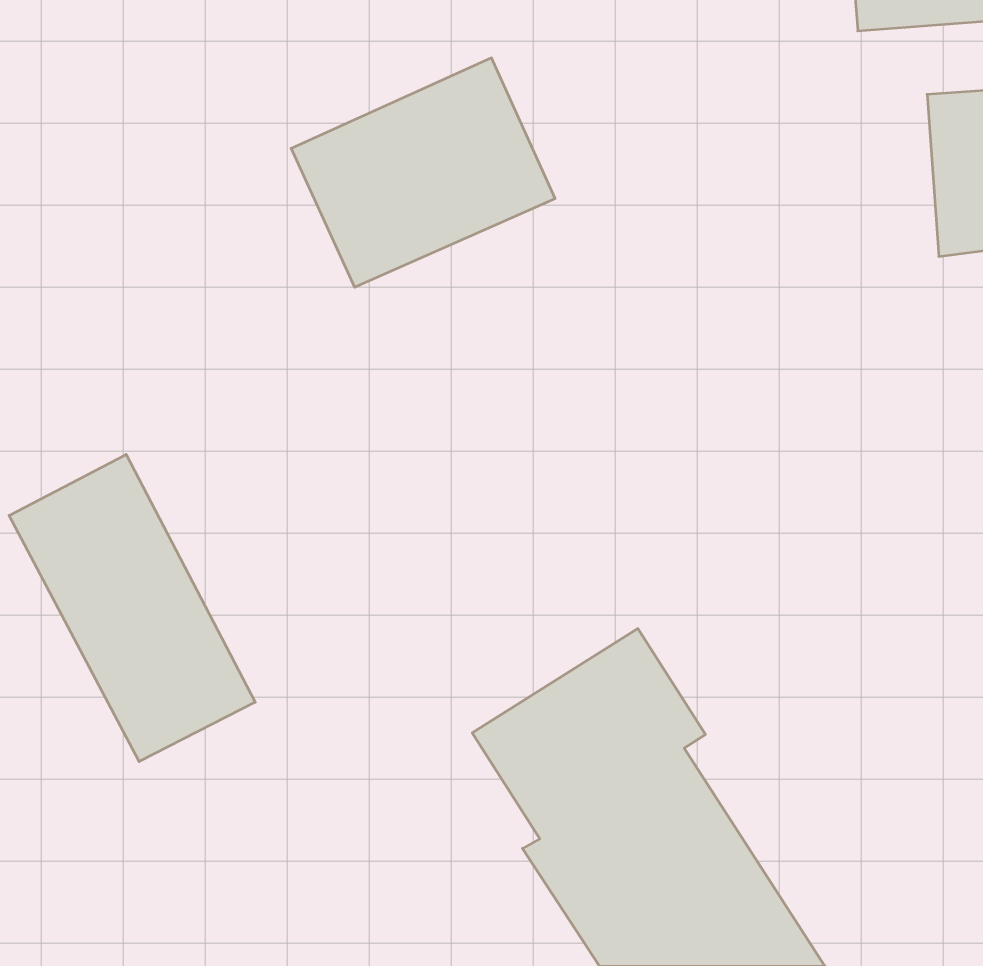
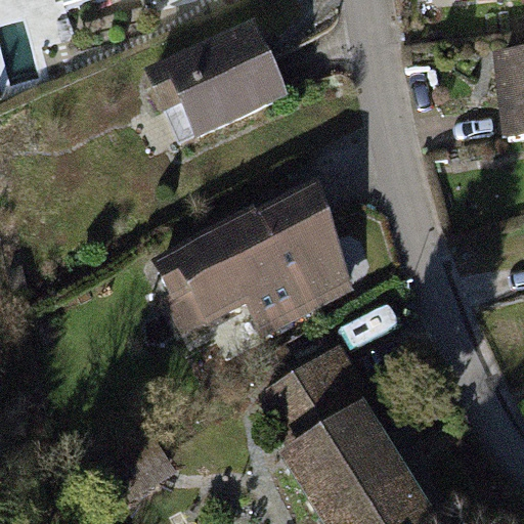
building: none -> [159,173,352,336]
building: [9,454,255,762] -> none

